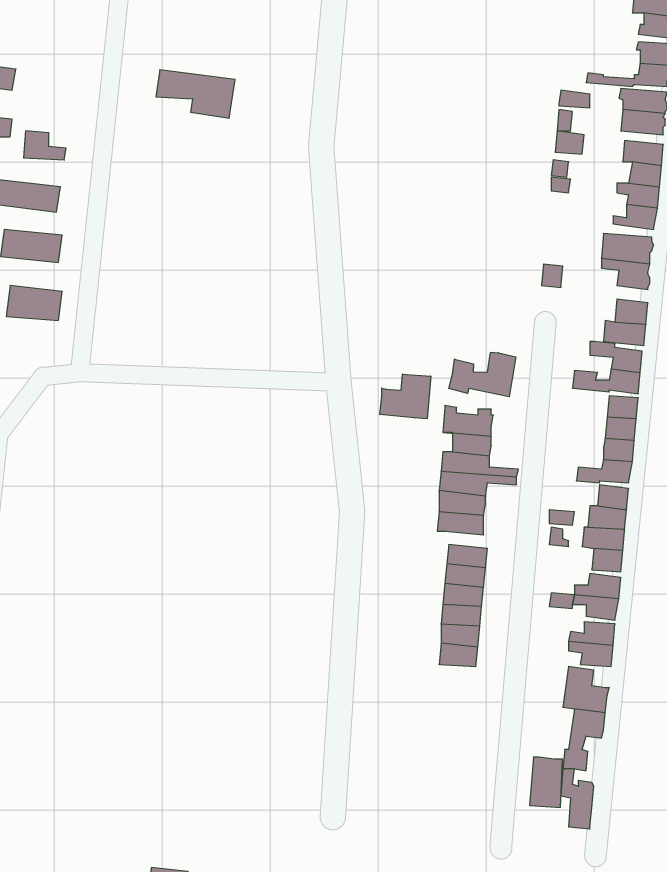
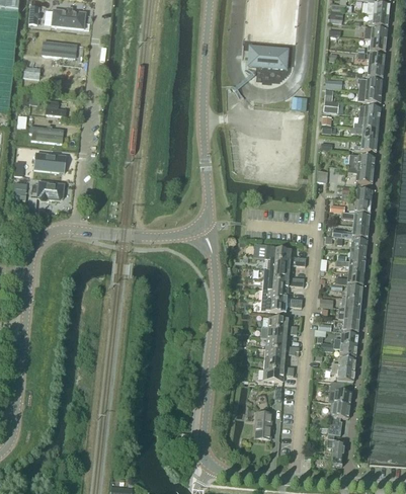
building: none -> [248,46,287,68]
building: [156,70,235,118] -> [40,40,82,66]
building: [449,352,516,397] -> none
building: [380,374,431,419] -> none
building: [530,757,562,807] -> [253,412,270,438]

